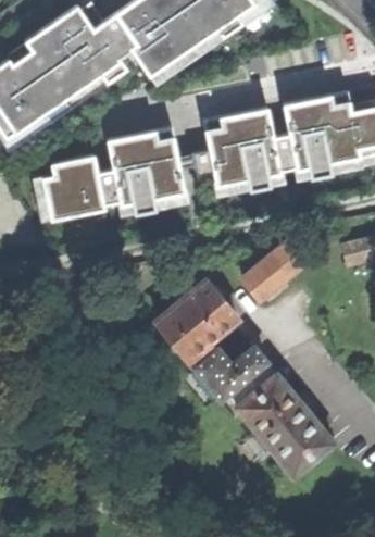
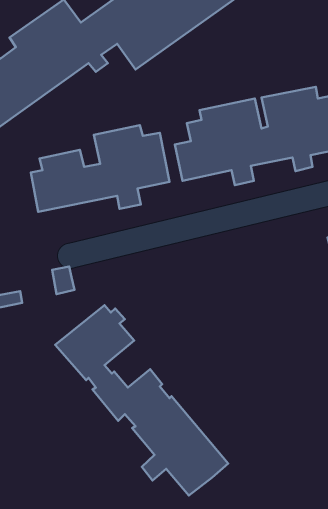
building: [237,238,303,302] -> none
building: [159,283,335,476] -> [55,305,228,496]

